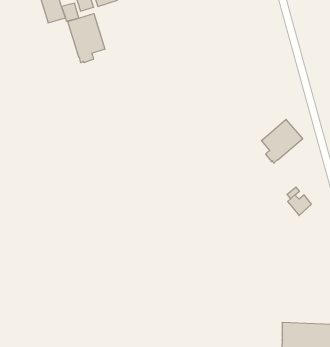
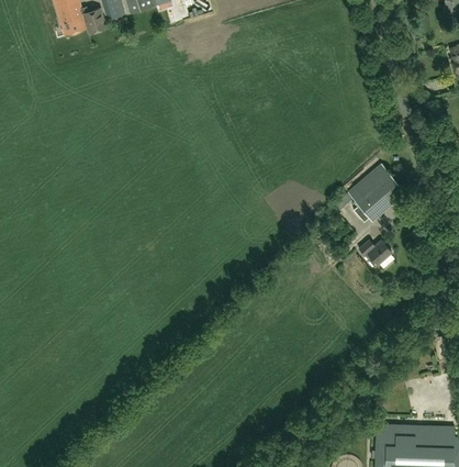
building: [68,14,105,63] -> none
building: [288,195,311,216] -> [359,240,391,267]

